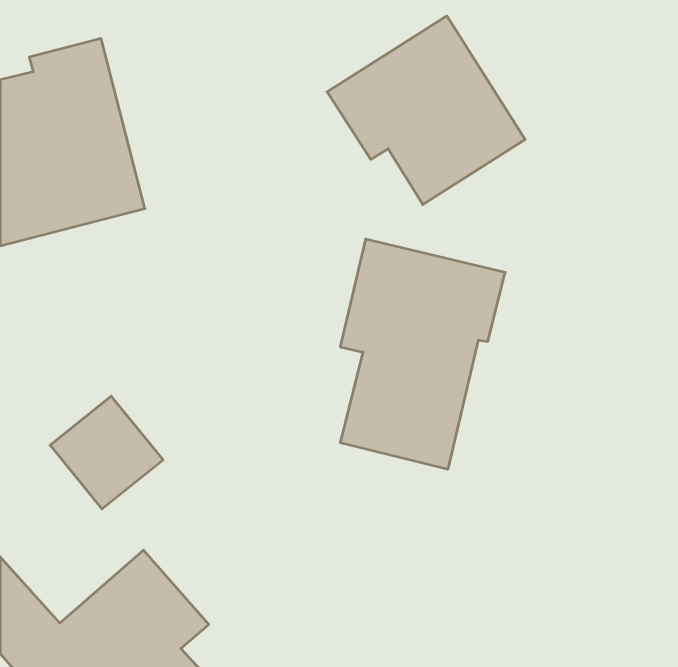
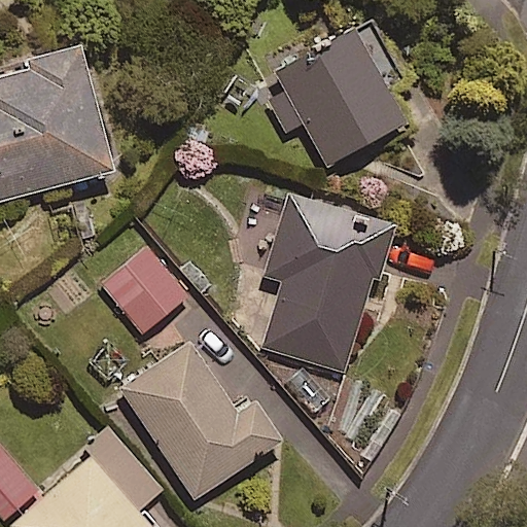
building: [50,396,163,509] -> [101,248,188,336]
building: none -> [119,340,281,500]

